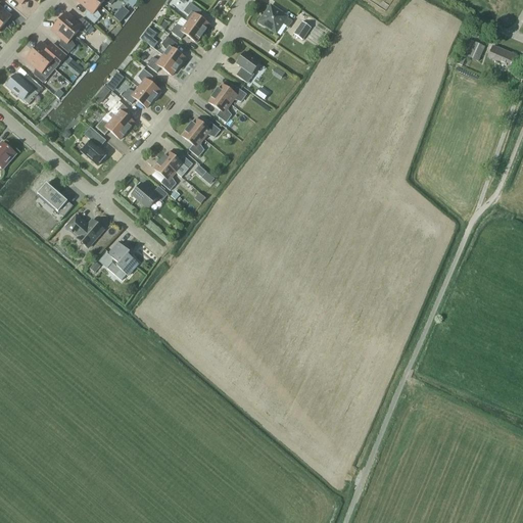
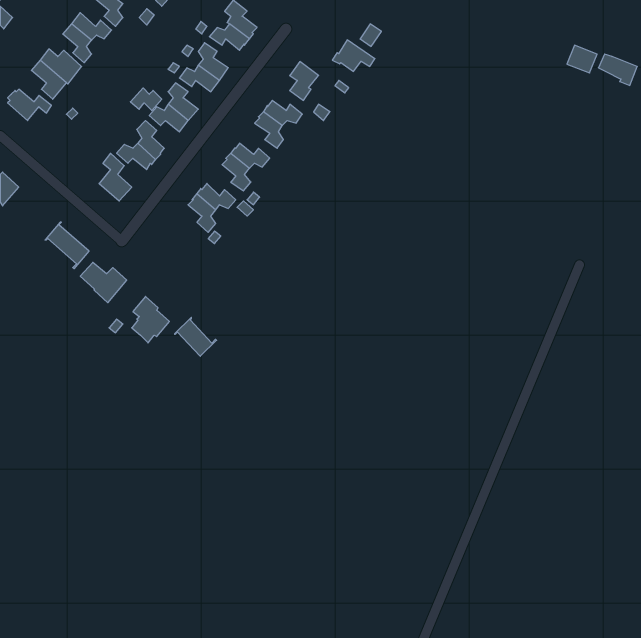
building: [257,4,292,30] -> [332,40,375,71]
building: [131,181,168,207] -> none
building: none -> [175,317,217,356]

